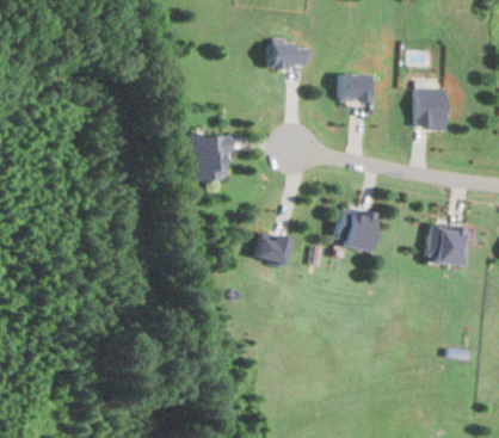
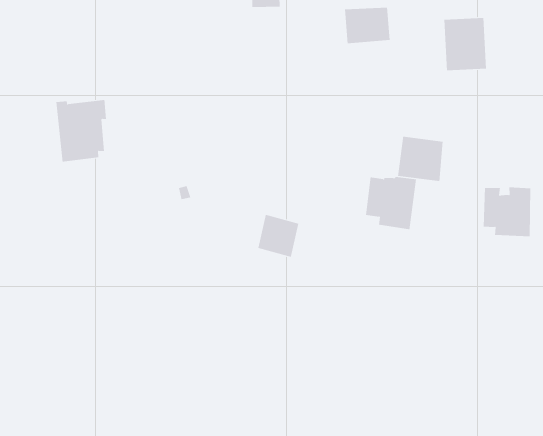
building: [195,134,234,181] -> [55,99,107,162]
building: none -> [398,136,443,182]

